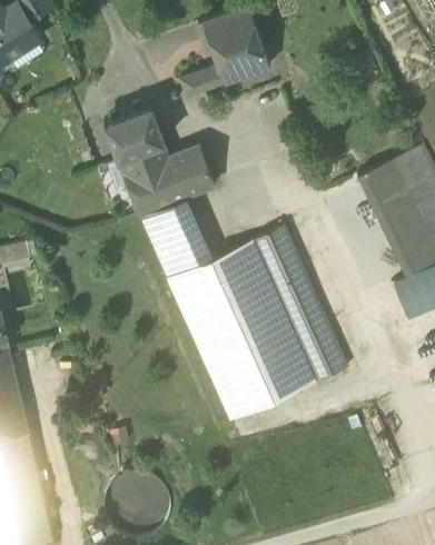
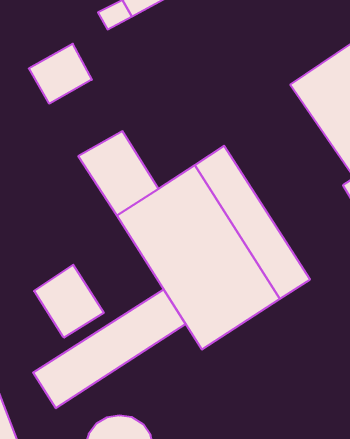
building: [120,143,216,216] -> none
building: none -> [34,265,104,338]
building: none -> [33,289,185,408]

